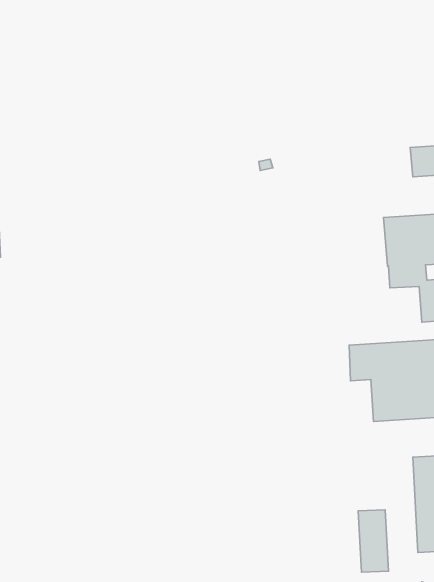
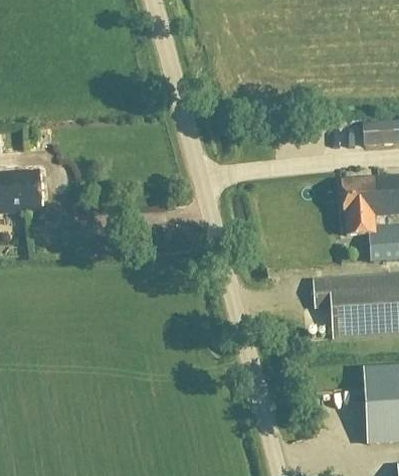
building: [358,510,388,572] -> none

